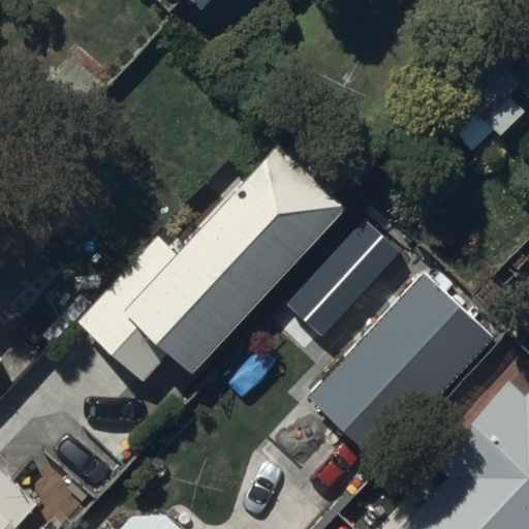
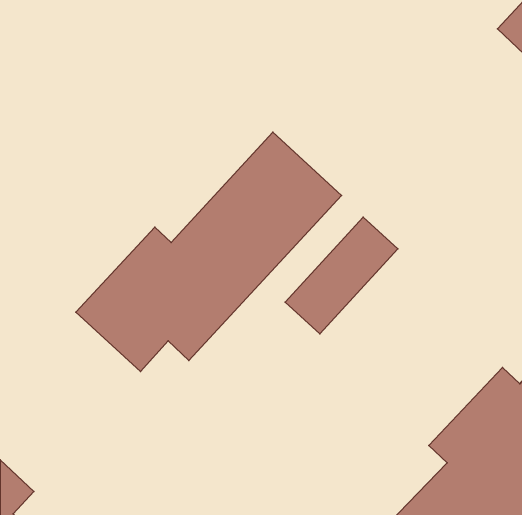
building: [310,274,492,460] -> none

